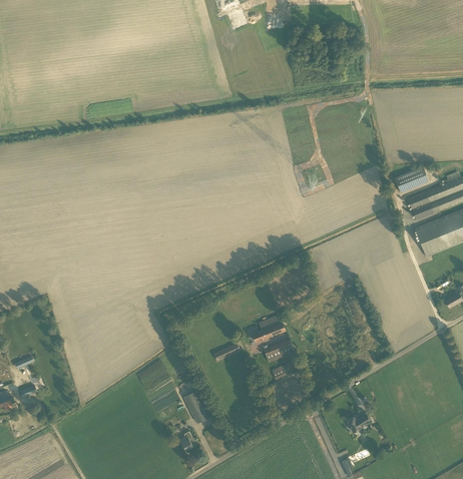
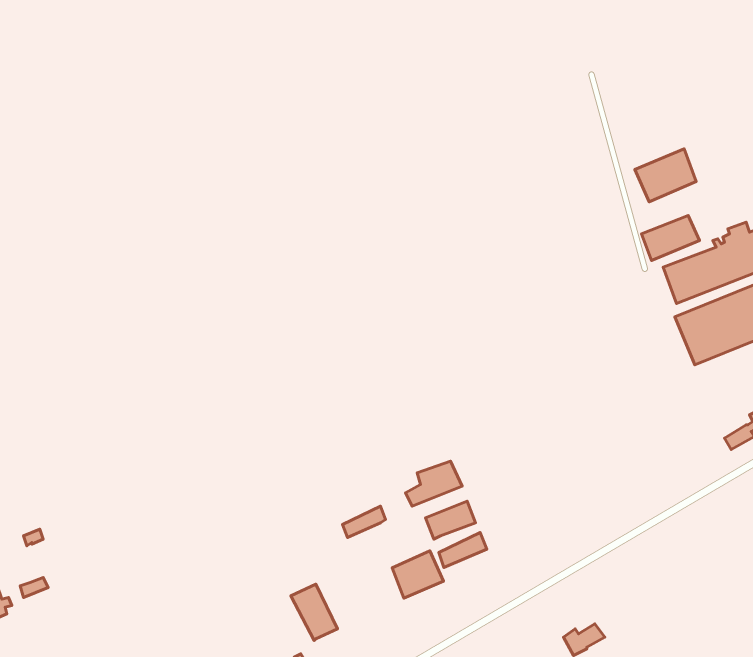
building: none -> [635,149,696,202]
building: none -> [392,551,443,598]

